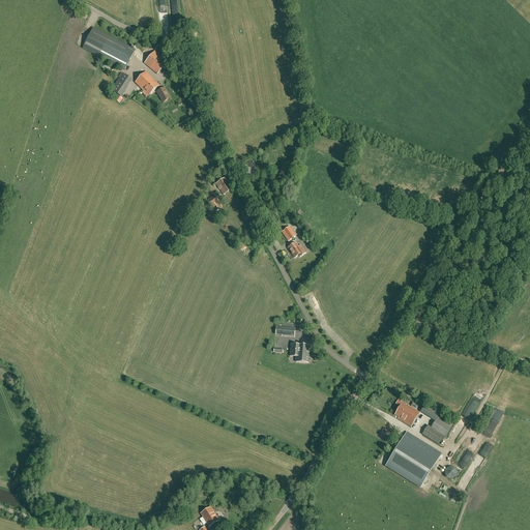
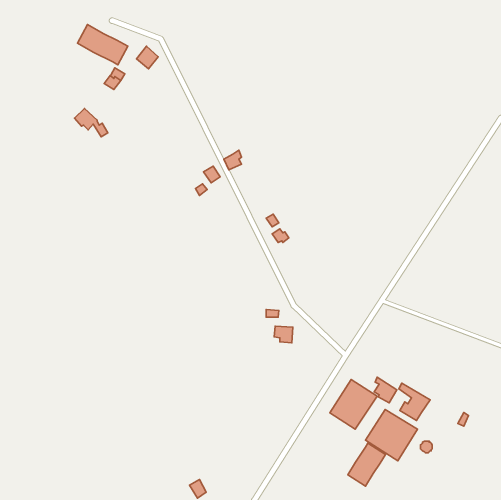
building: [135,70,170,100] -> [75,108,108,137]
building: none -> [330,379,377,429]
building: none -> [348,443,385,486]

